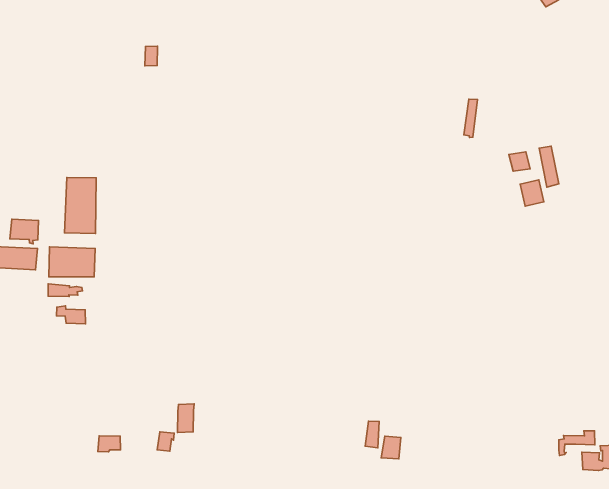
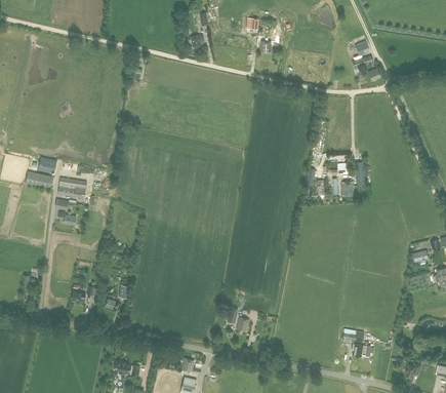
building: [64,177,96,233] -> none

